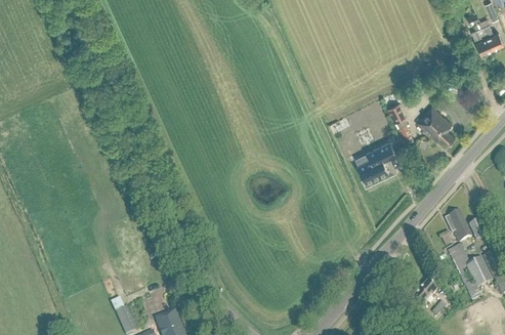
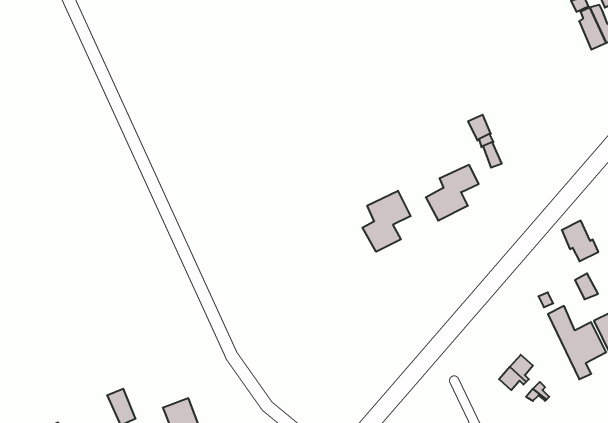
building: [417,103,455,143] -> none
building: none -> [362,191,411,252]
building: [446,211,473,242] -> [562,221,598,261]

